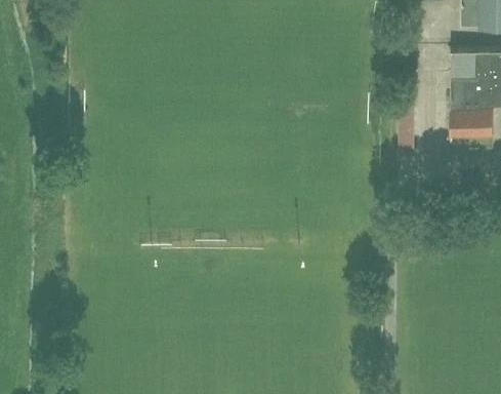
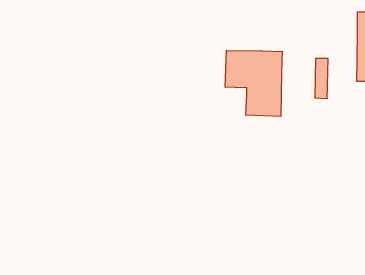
building: none -> [225,50,282,116]

